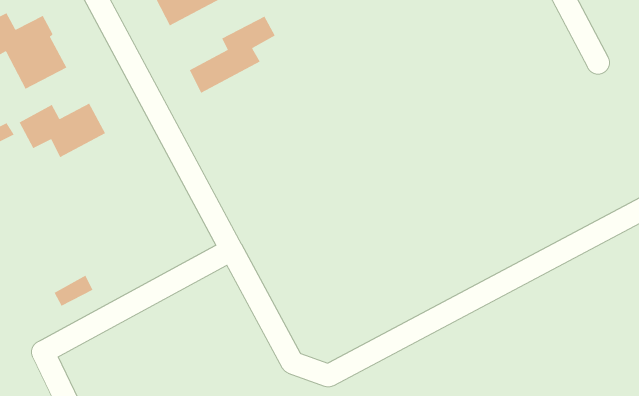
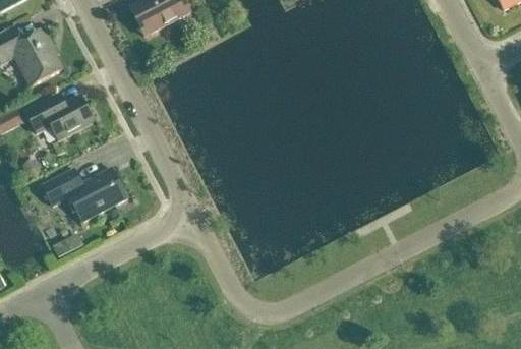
building: [189,15,276,94] -> none
building: none -> [41,167,126,221]

